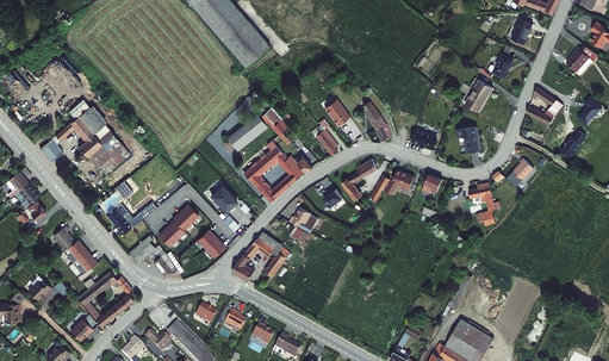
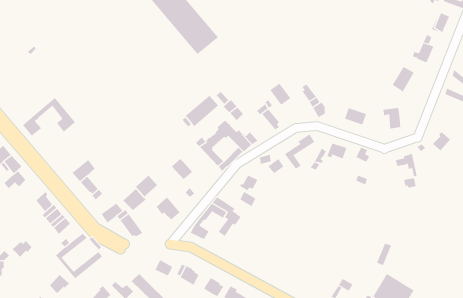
building: [80,106,131,175] -> none

